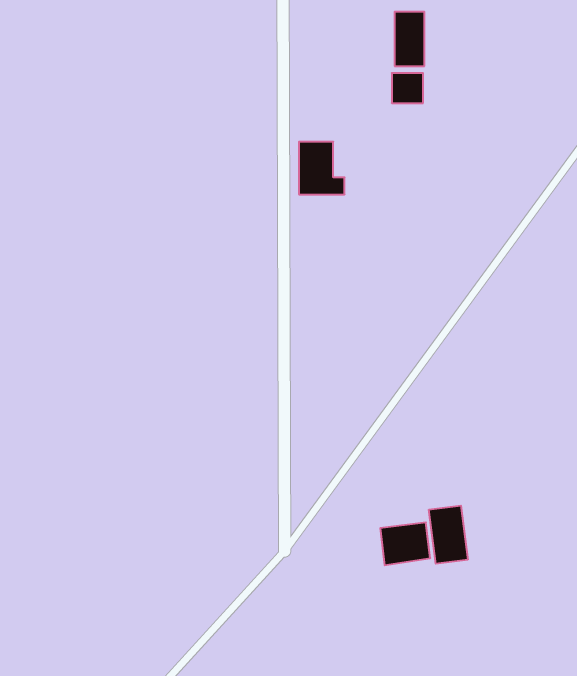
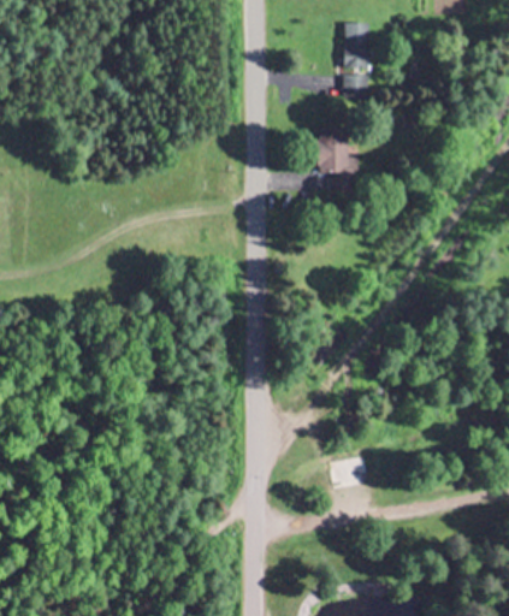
building: [299,142,345,194] -> [318,128,356,172]
building: [429,506,468,564] -> none

